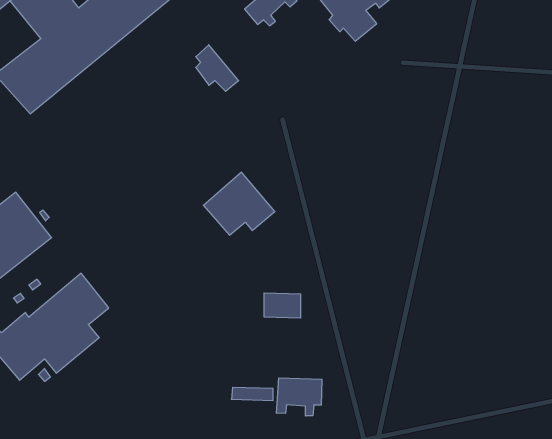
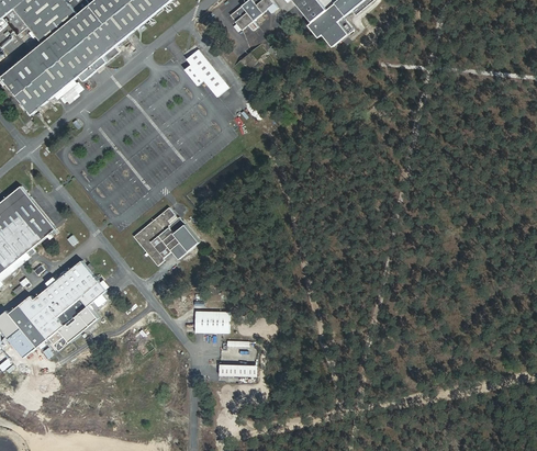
building: [203,172,275,235] -> [132,206,198,264]
building: [264,293,301,318] -> [195,311,230,334]
building: [277,378,322,416] -> none

